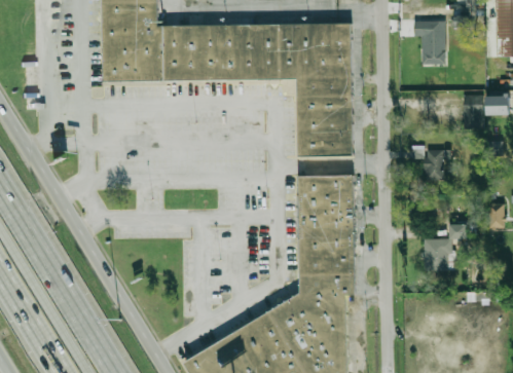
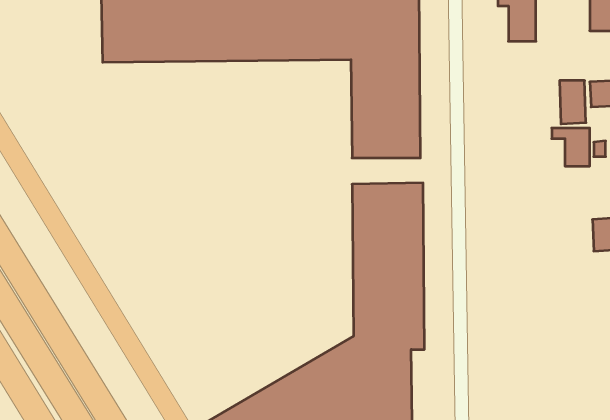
building: [413,149,443,179] -> [552,128,590,166]
building: [423,223,465,270] -> none

